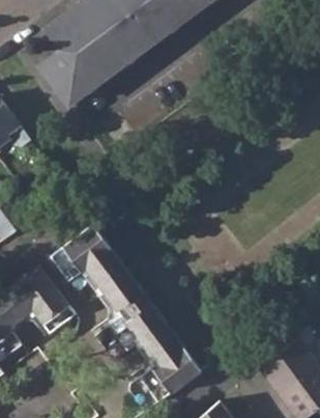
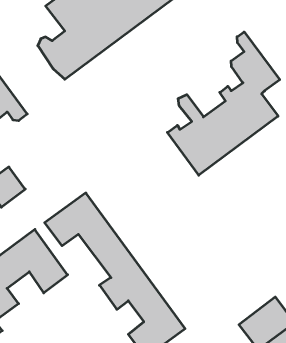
building: none -> [167,32,280,175]

